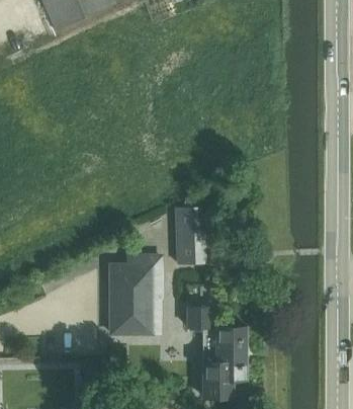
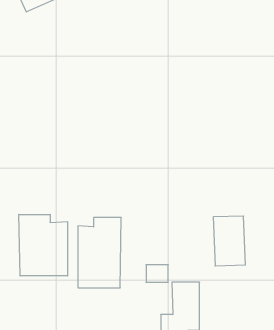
building: [175,209,210,263] -> [213,216,245,266]
building: none -> [19,214,68,276]

